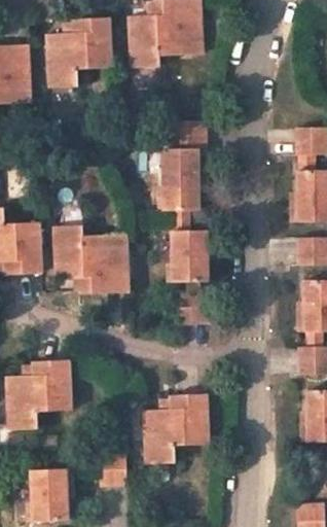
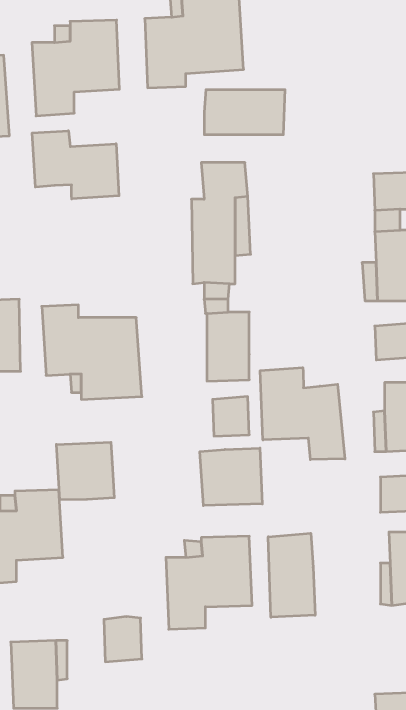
building: none -> [204,90,285,135]
building: none -> [32,131,119,199]
building: none -> [260,368,345,460]
building: none -> [56,442,114,500]
building: none -> [200,448,262,506]
building: none -> [268,533,315,617]

